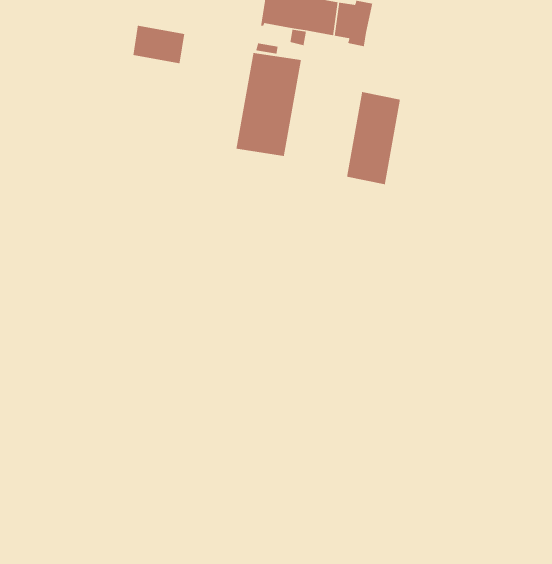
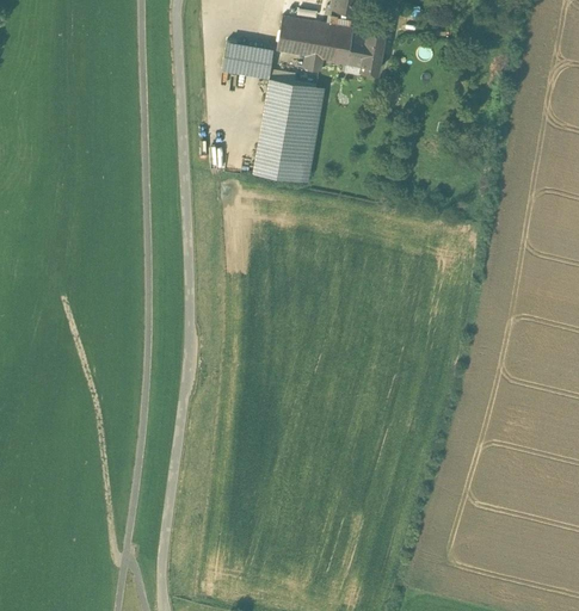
building: [132,25,185,64] -> [224,42,276,80]
building: [346,91,401,185] -> none

